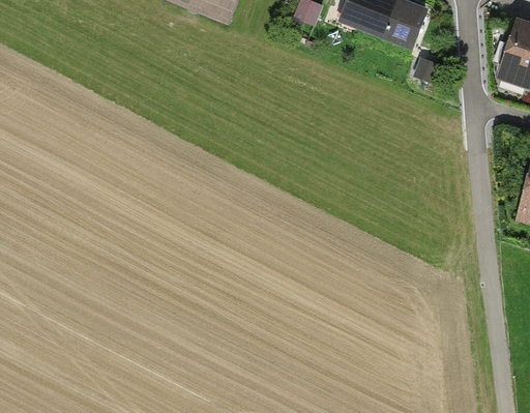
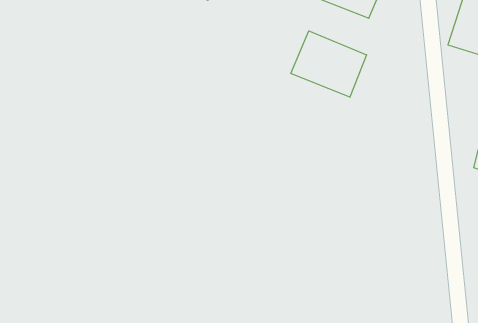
building: none -> [291,31,367,97]

